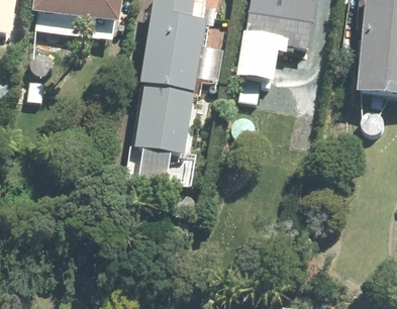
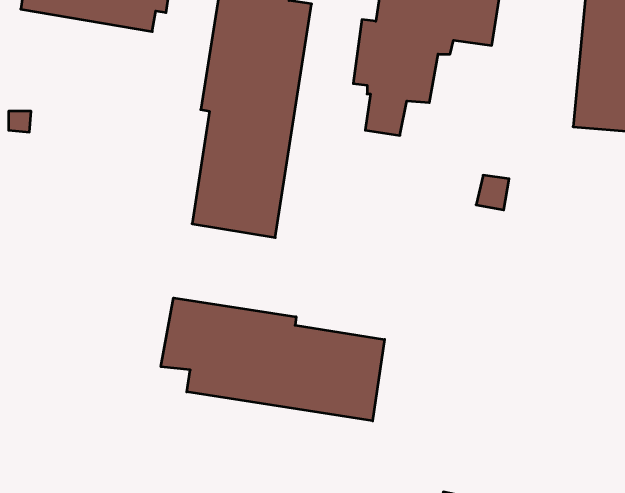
building: none -> [161,298,385,421]

